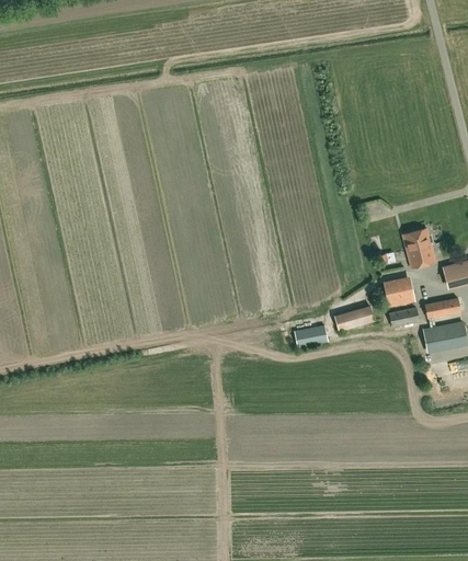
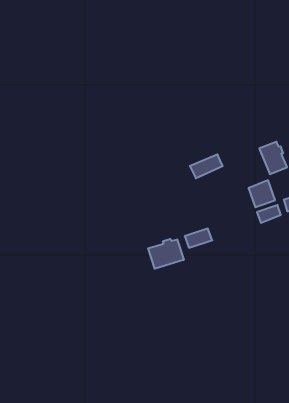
building: [332,305,374,331] -> [190,154,223,178]
building: none -> [148,239,184,269]

